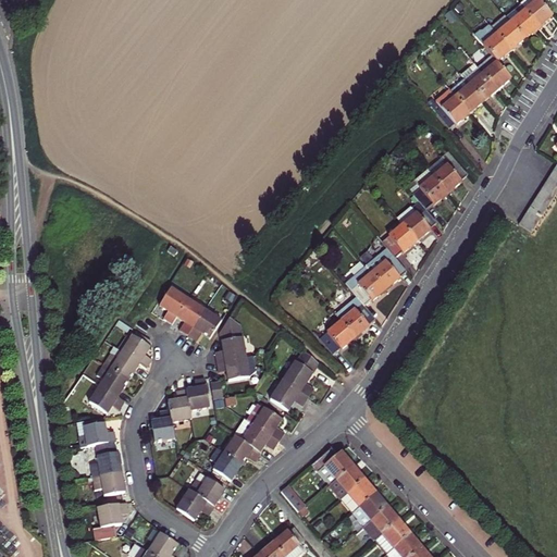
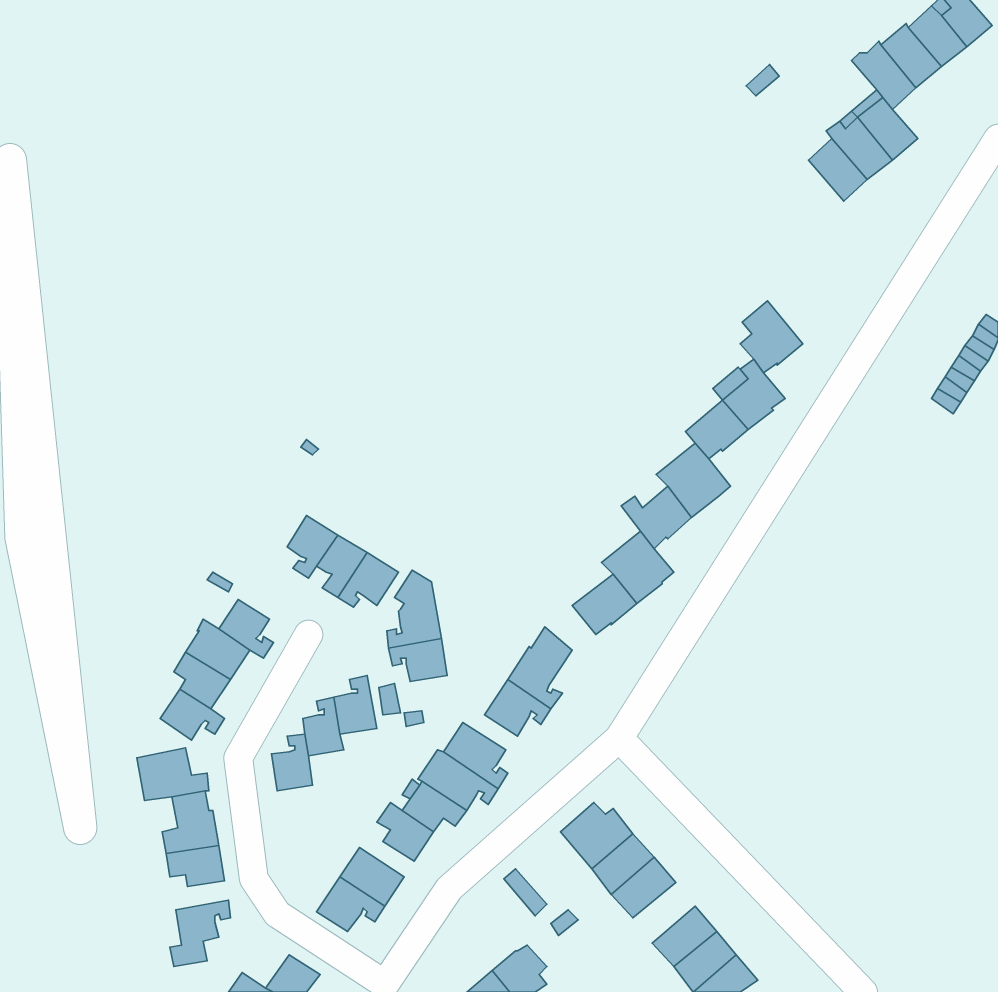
building: [430,89,470,128] -> none
building: [428,150,468,191] -> none
building: [352,492,387,525] -> none

